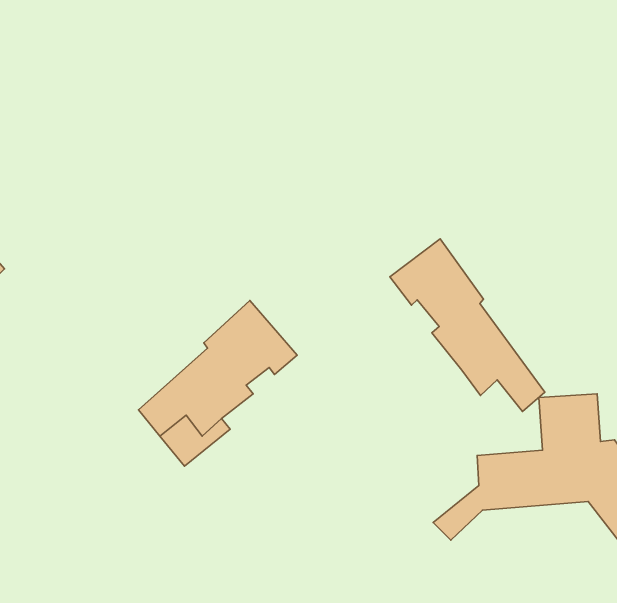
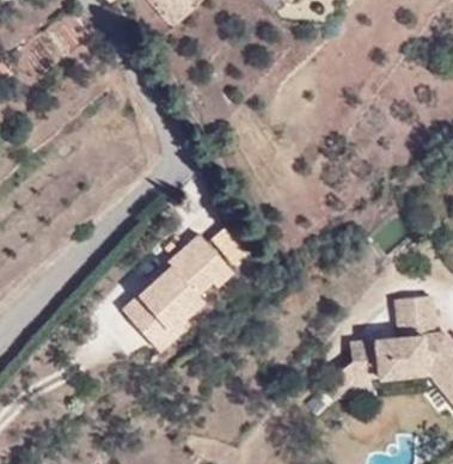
building: [390,239,545,411] -> none

